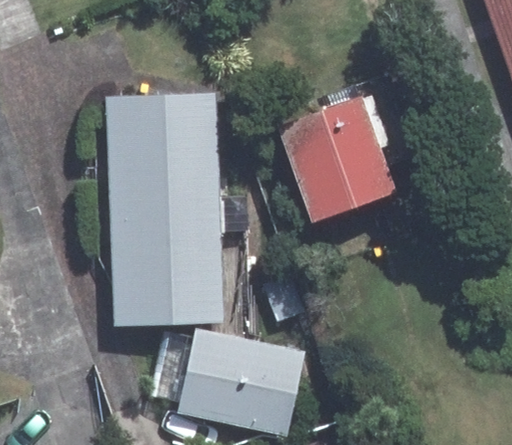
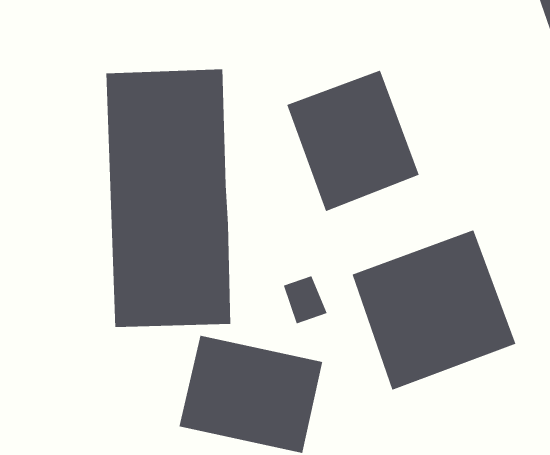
building: none -> [351,229,516,391]

